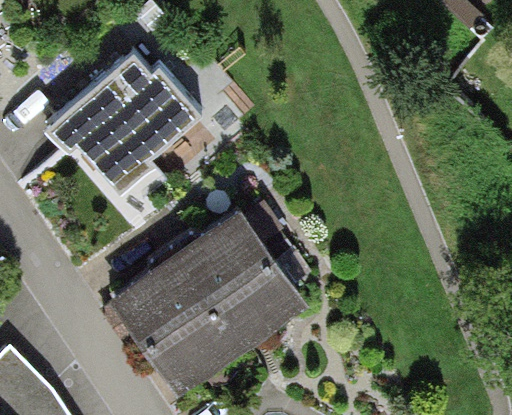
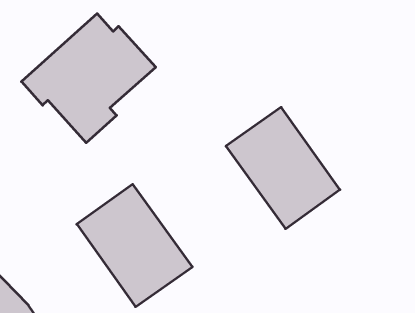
building: [176,204,310,347] -> [226,107,340,229]

